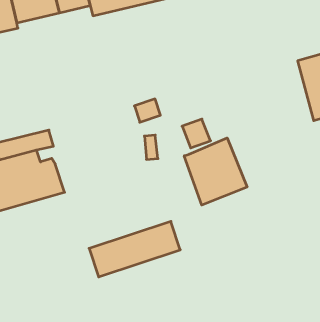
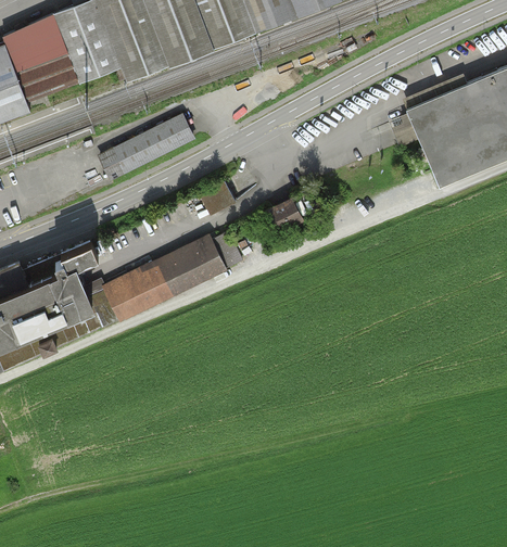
building: none -> [101,114,192,176]
building: [184,138,247,205] -> none
building: [89,221,180,277] -> [106,233,227,319]

